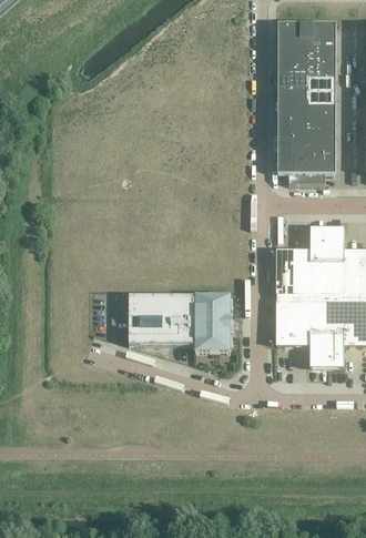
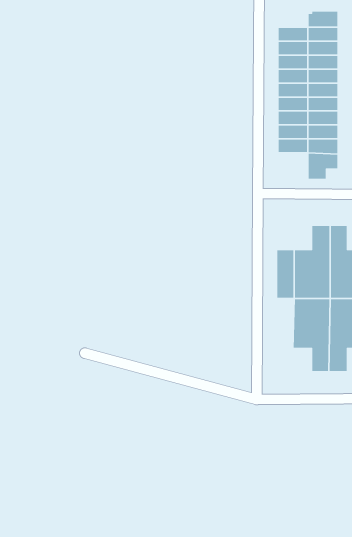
building: [278,22,307,38] -> none
building: [278,158,307,183] -> none
building: [130,294,232,349] -> none
building: [277,296,294,344] -> none

